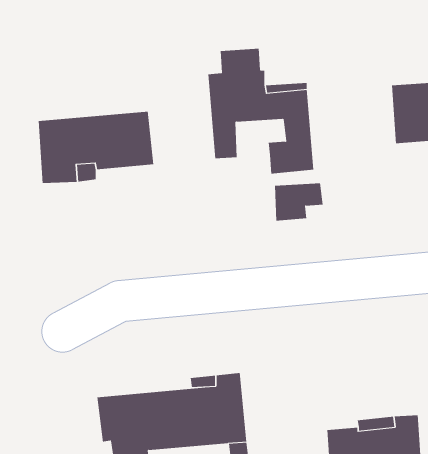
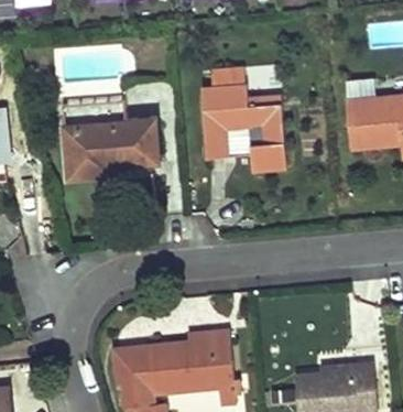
building: [274,183,323,221] -> [224,127,263,158]

